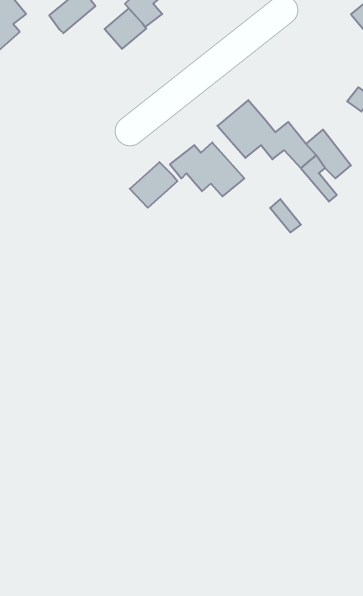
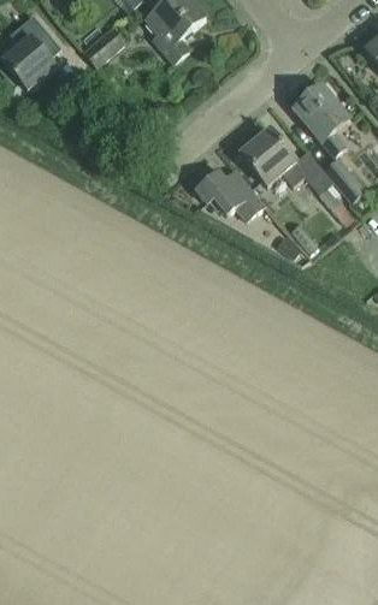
building: [105,9,146,49] -> none
building: none -> [294,84,350,156]
building: [130,162,177,208] -> none

